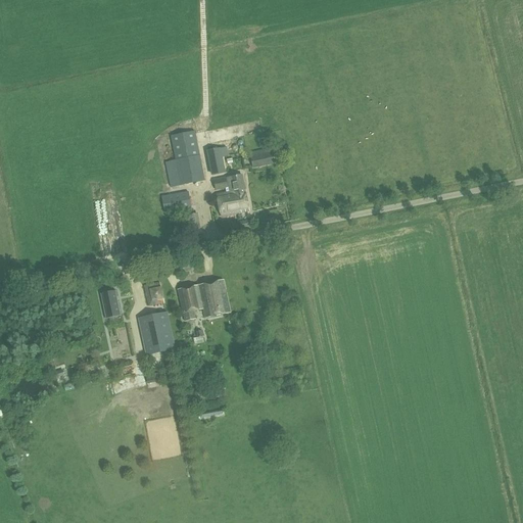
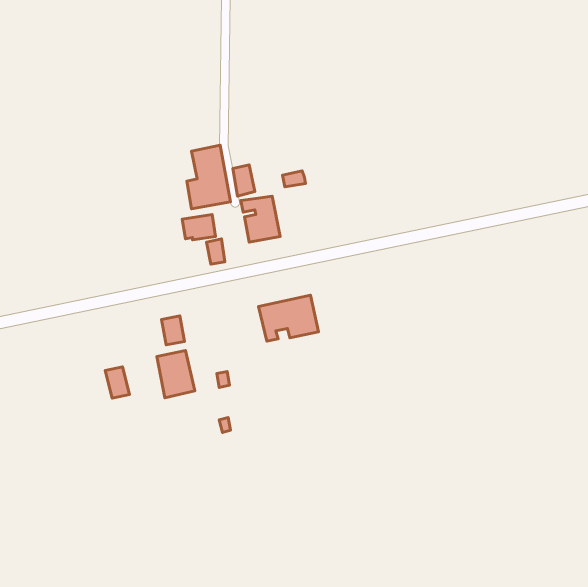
building: [177,278,230,319] -> [259,295,319,341]
building: [99,289,121,317] -> [105,367,129,398]

